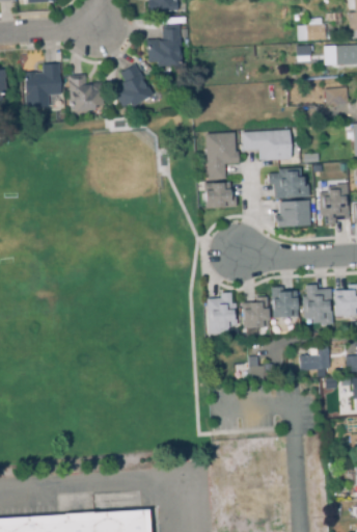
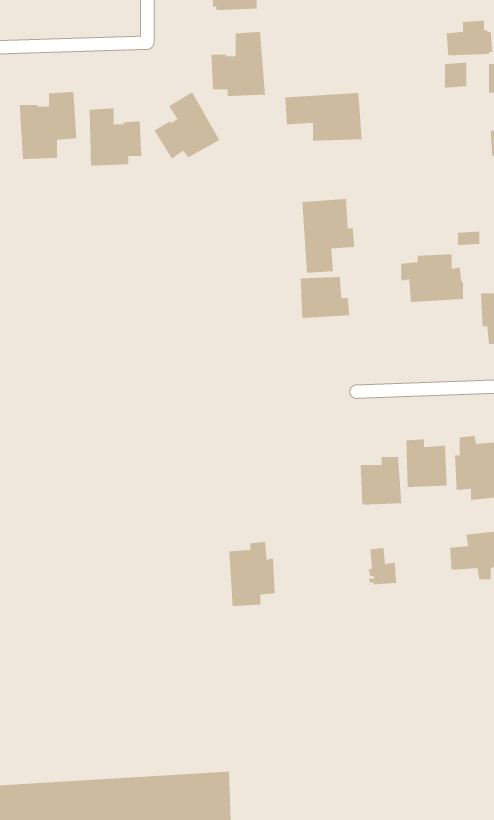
building: [241,129,291,160] -> [285,92,363,141]
building: [274,201,309,227] -> none
building: [207,292,237,334] -> [229,541,276,606]

